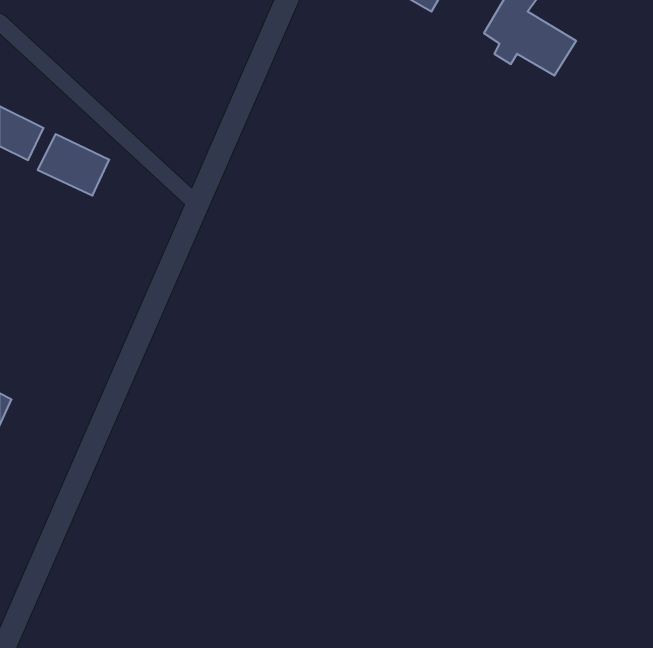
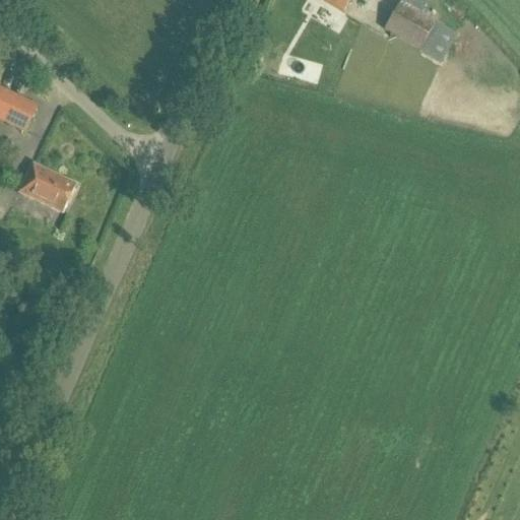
building: [38,134,109,196] -> [18,161,75,210]

